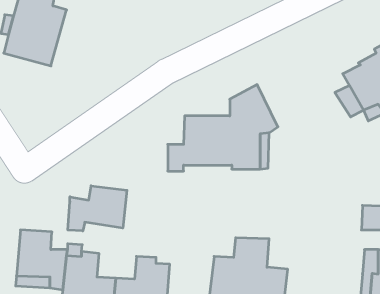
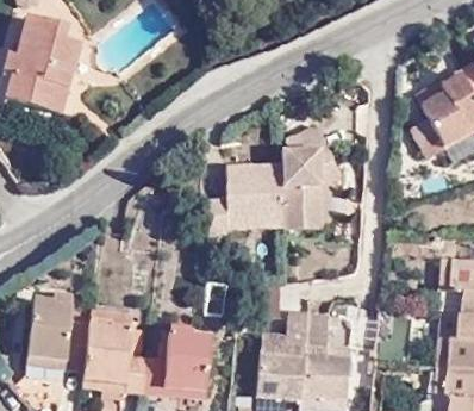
building: [68,186,127,231] -> none

